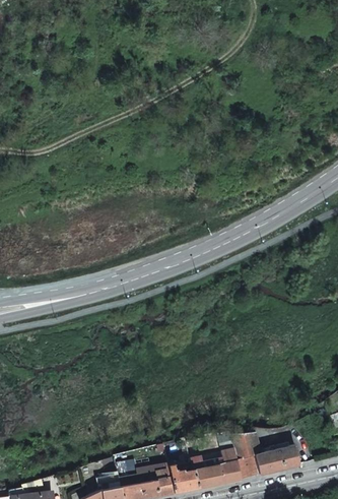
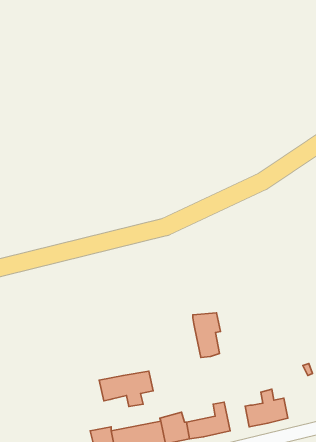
building: none -> [99,371,153,406]
building: [231,433,260,479] -> [193,313,221,357]

